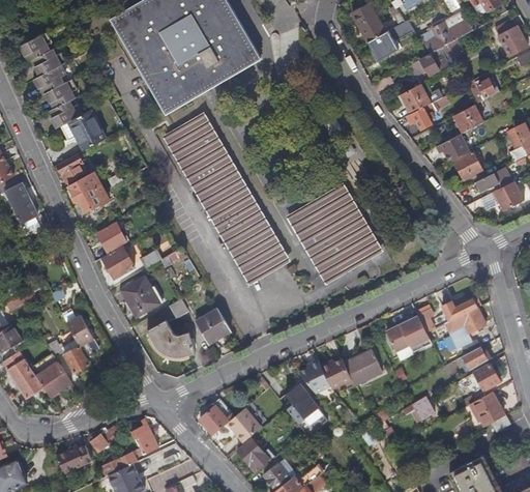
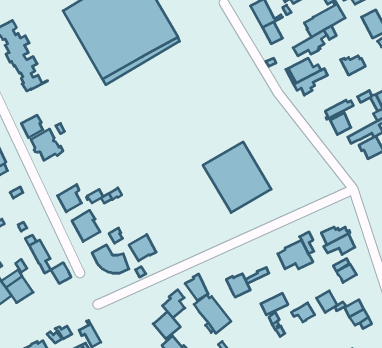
building: [452,106,481,133] -> none
building: [61,110,105,149] -> none
building: [167,118,281,281] -> none
building: [97,222,126,253] -> none
building: [63,345,89,372] -> [51,263,71,283]
building: [347,357,382,385] -> [261,293,288,315]
building: [299,359,329,394] -> [185,274,208,300]
building: [473,363,500,390] -> [316,291,337,313]
building: [199,398,228,434] -> [162,290,185,318]

